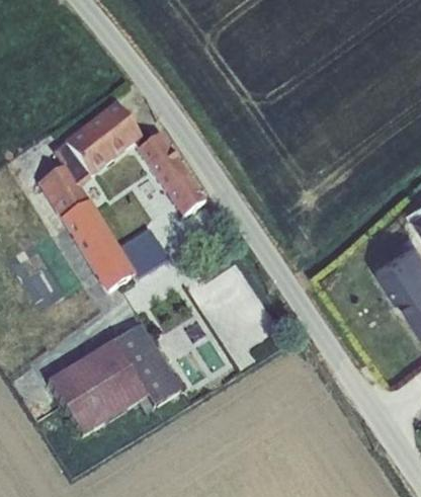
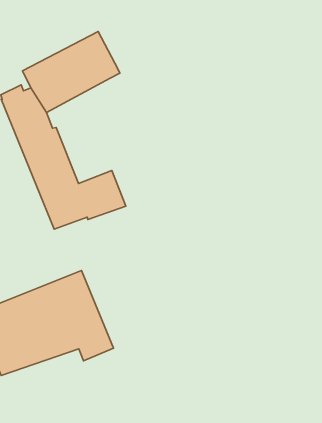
building: [135,130,204,215] -> none

